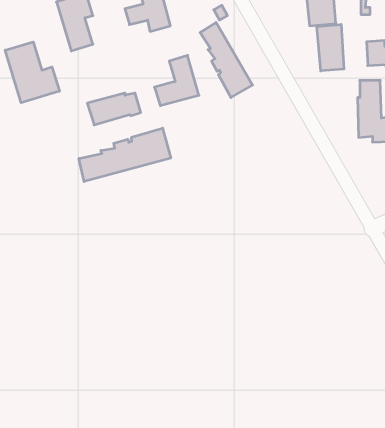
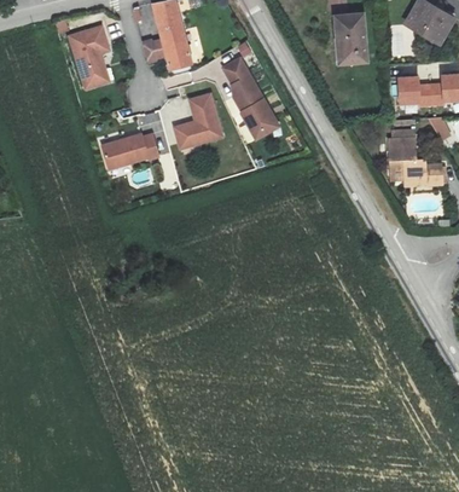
building: [317,24,344,71] -> none
building: [5,42,59,103] -> none
building: [79,128,171,182] -> none

